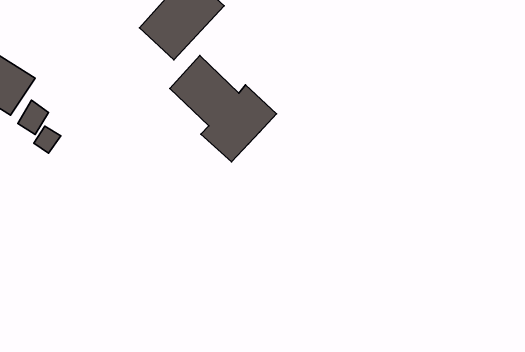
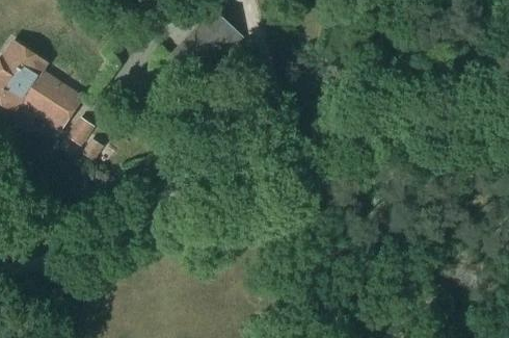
building: [170,55,277,162] -> none

